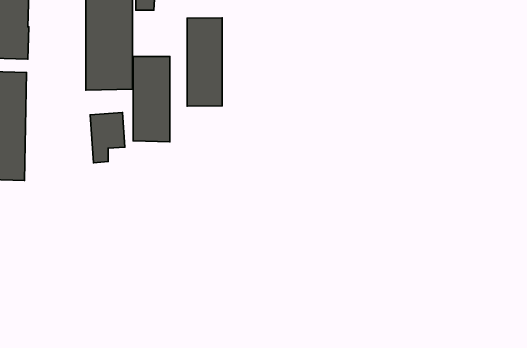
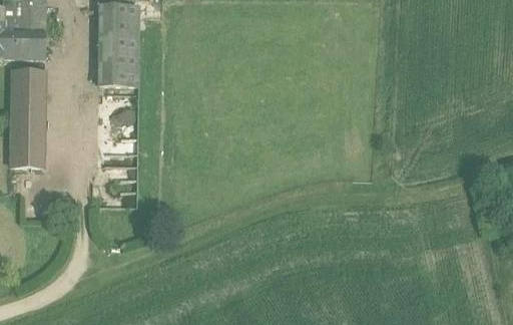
building: [187,18,222,106] -> none
building: [133,57,170,142] -> none

